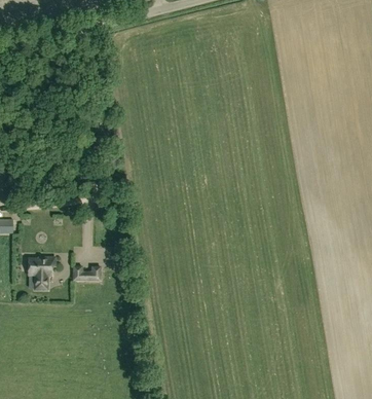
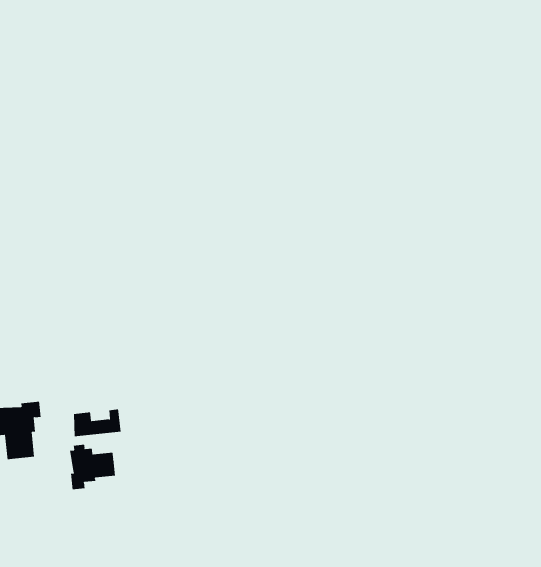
building: none -> [69,444,115,490]

